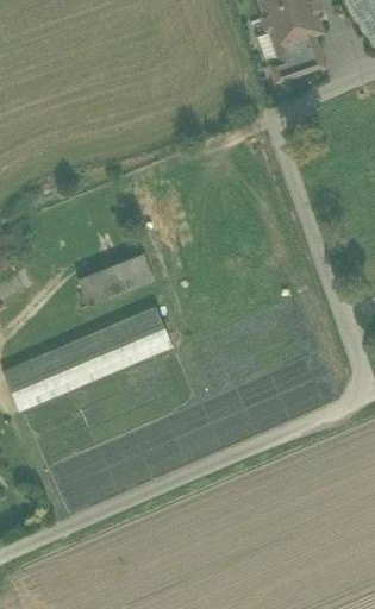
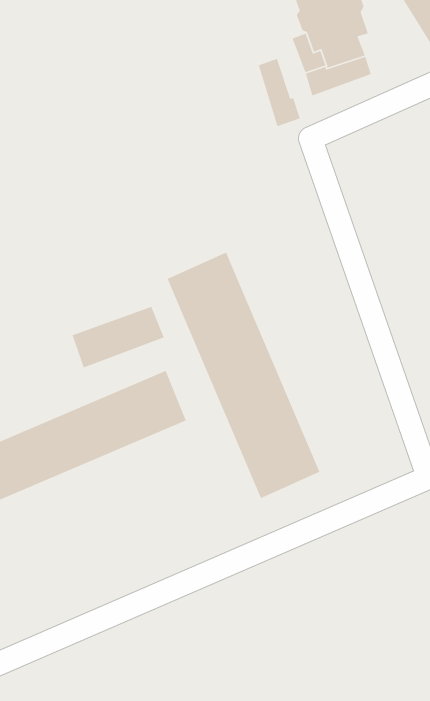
building: none -> [258,58,301,127]
building: none -> [166,251,321,499]

